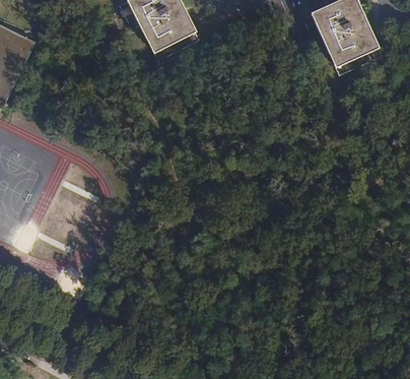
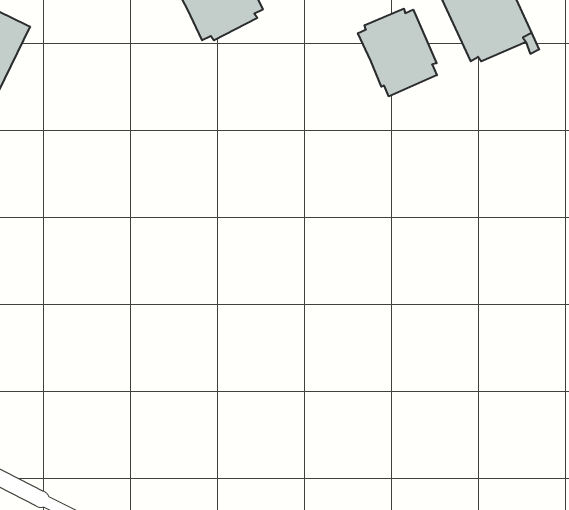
building: none -> [358,9,437,96]

